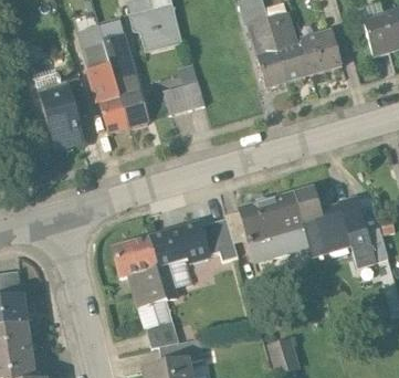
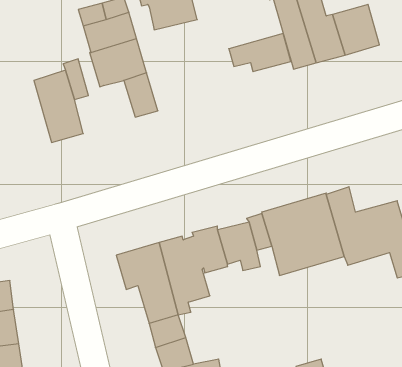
building: [150,82,204,115] -> [229,34,291,72]
building: [101,95,128,133] -> none

